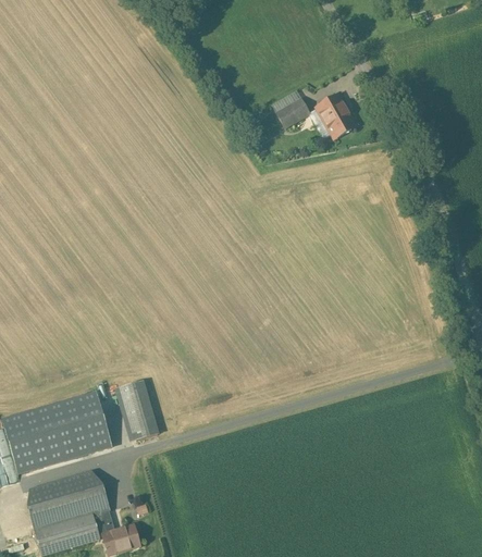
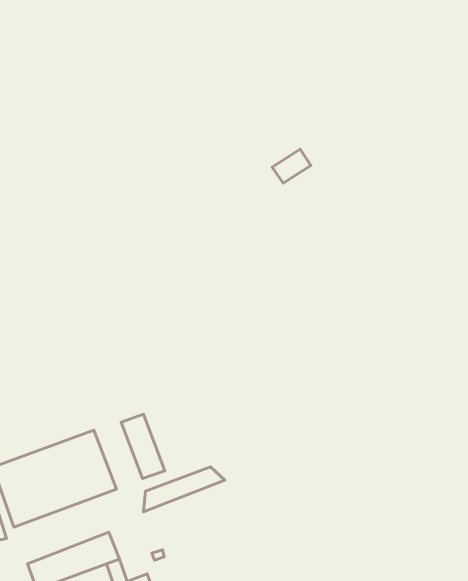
building: [317,96,354,135] -> none
building: [275,99,310,128] -> [272,149,311,183]
building: [27,472,102,508] -> [144,467,225,512]

